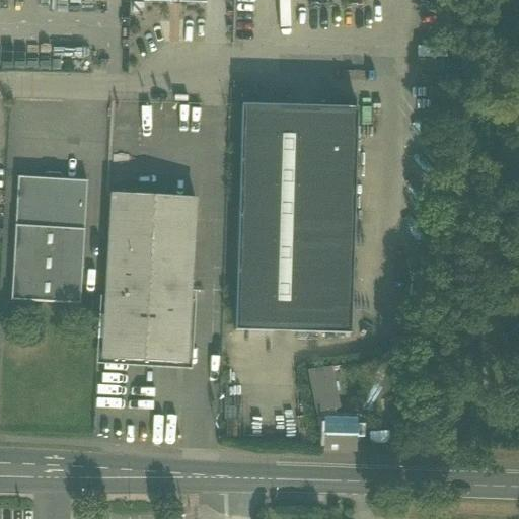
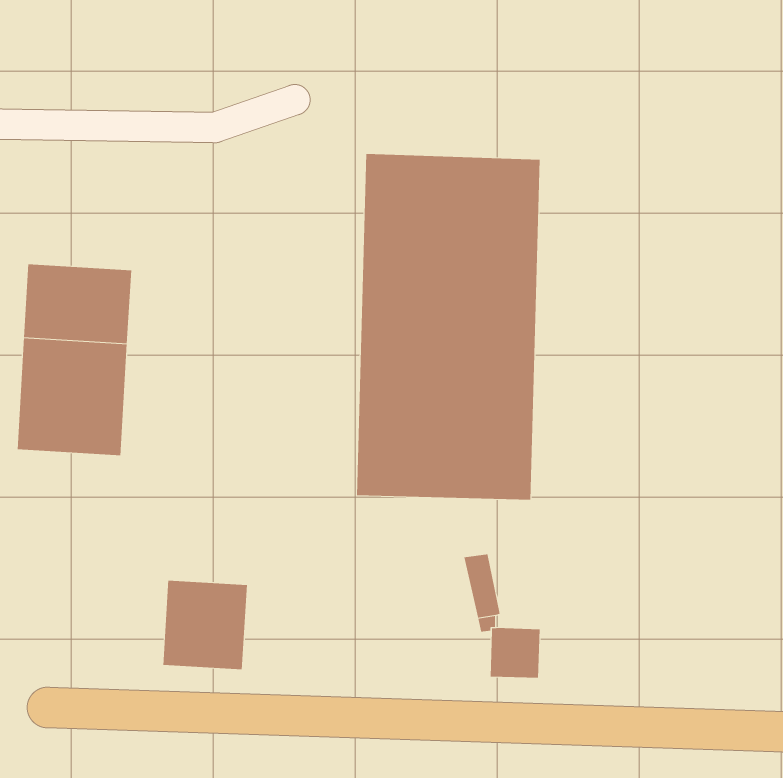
building: [103,192,196,360] -> none
building: none -> [163,580,247,670]

